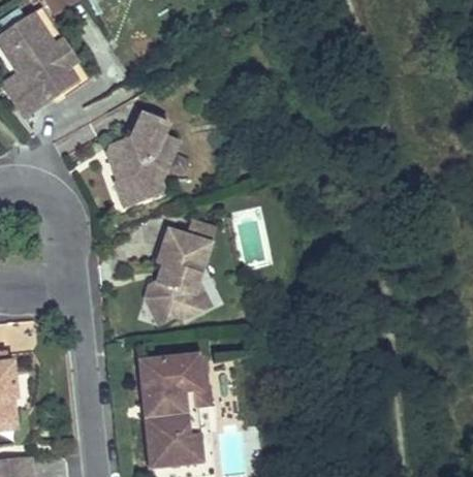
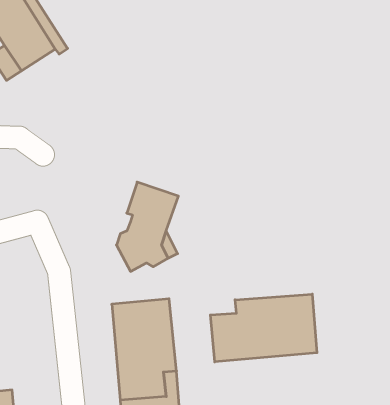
building: [107,110,179,204] -> none
building: none -> [210,294,317,362]

